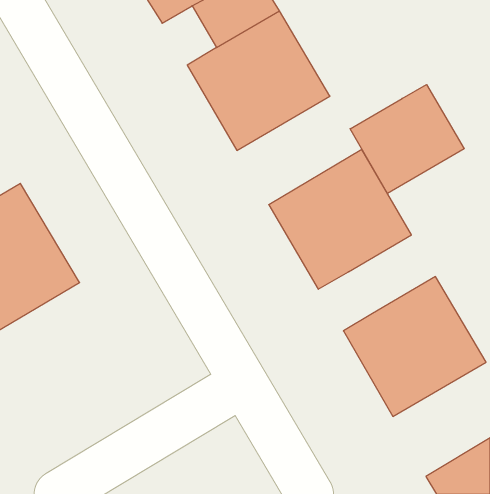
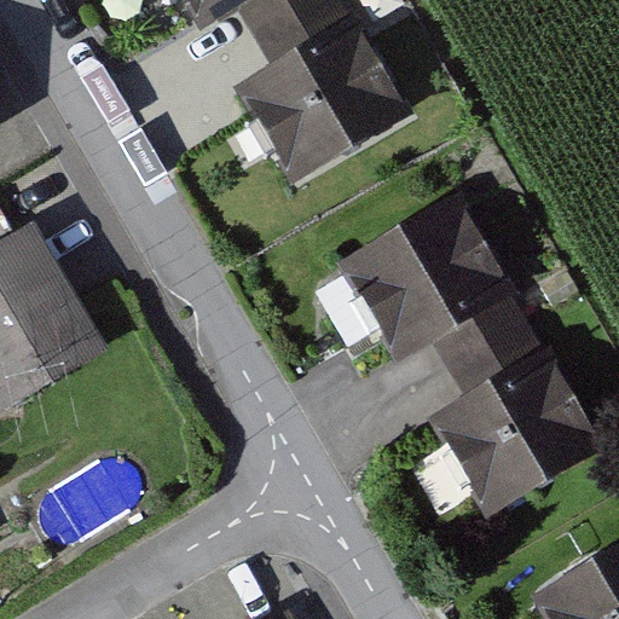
building: [350,85,464,194] -> none
building: none -> [434,293,543,391]

